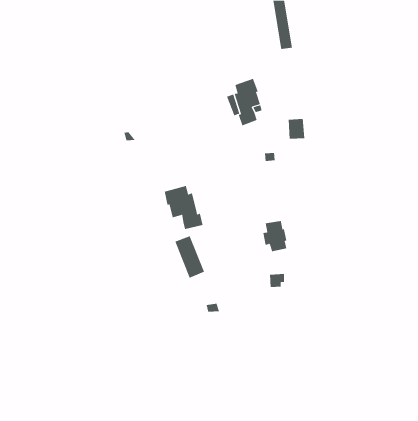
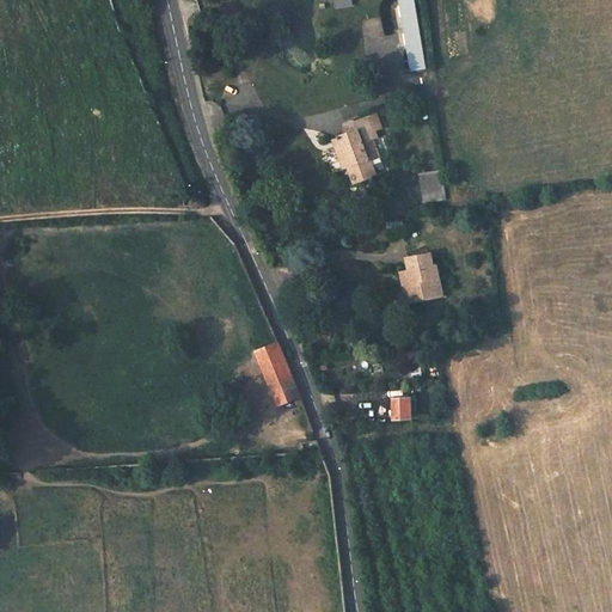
building: [164,185,203,230] -> none
building: [262,221,287,252] -> [400,253,436,299]

